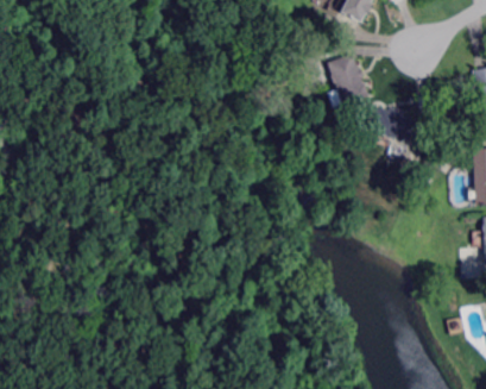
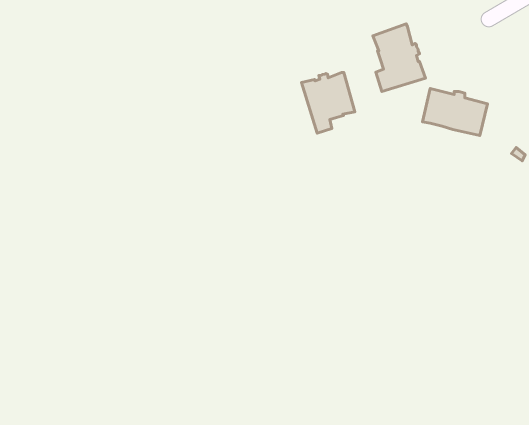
building: none -> [302,73,355,133]

